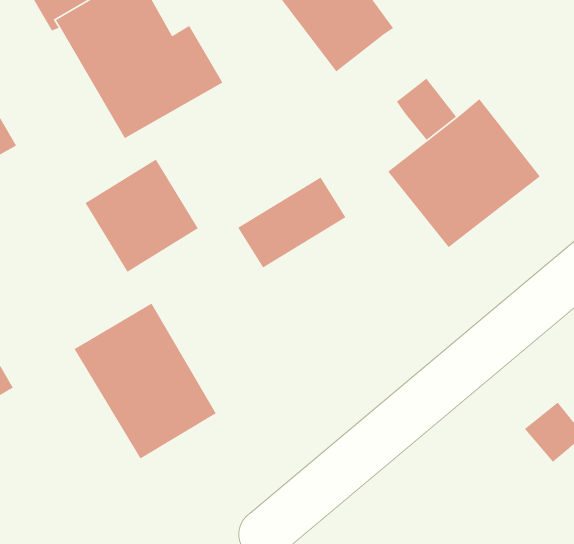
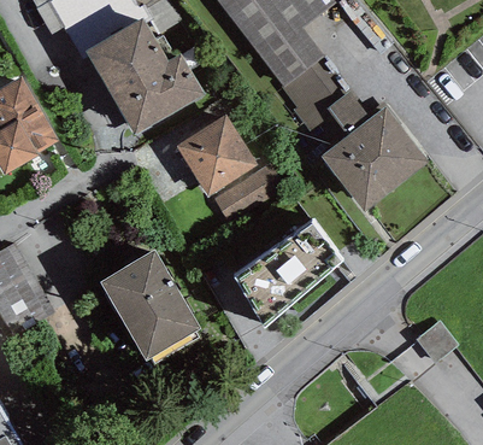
building: none -> [281,60,342,131]
building: [84,159,199,273] -> [176,115,257,195]
building: none -> [232,222,341,328]

